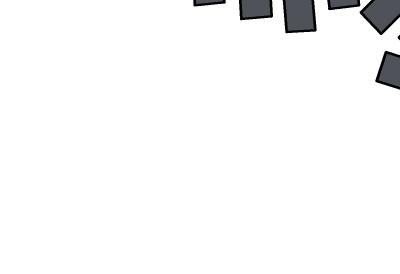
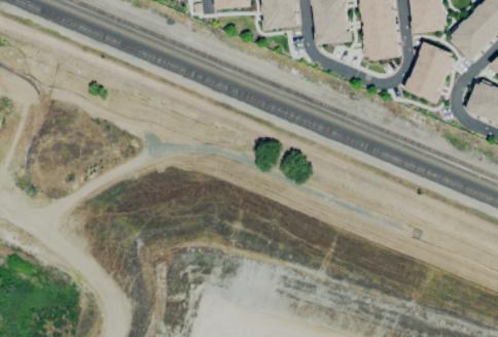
building: none -> [406,43,453,102]

